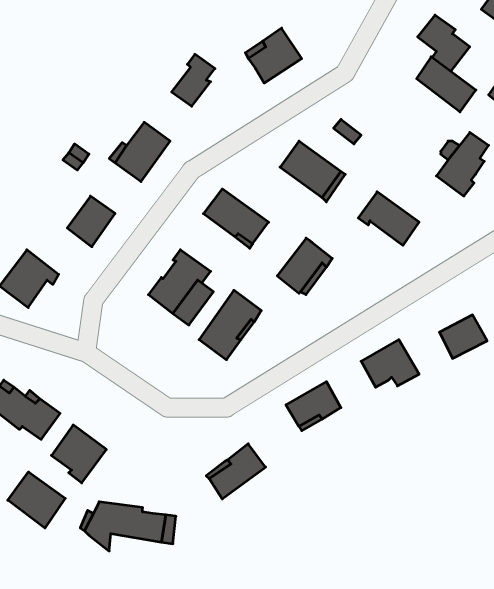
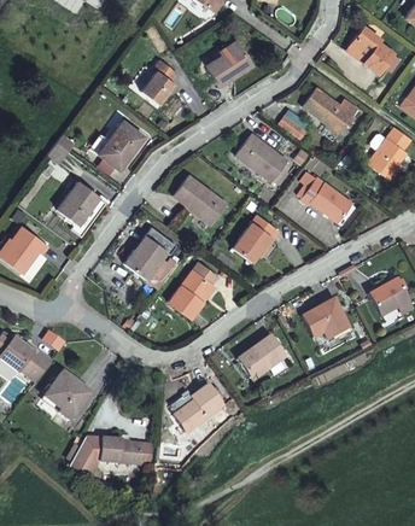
building: [417,57,476,112] -> [302,86,351,132]
building: [8,472,65,528] -> none

